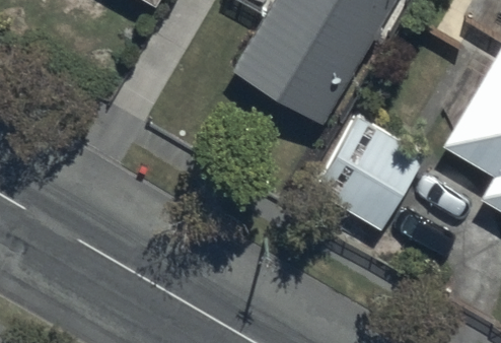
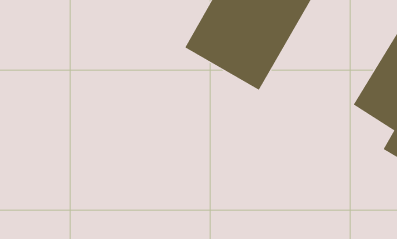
building: [308,114,424,229] -> none

